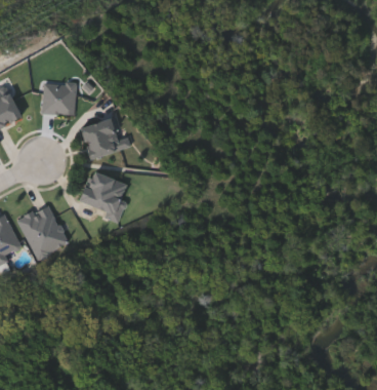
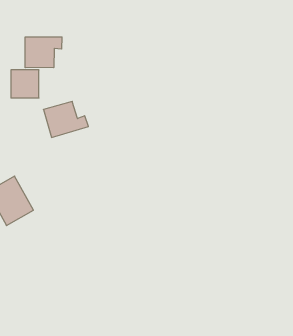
building: none -> [25,37,62,68]
building: [80,171,129,217] -> none

